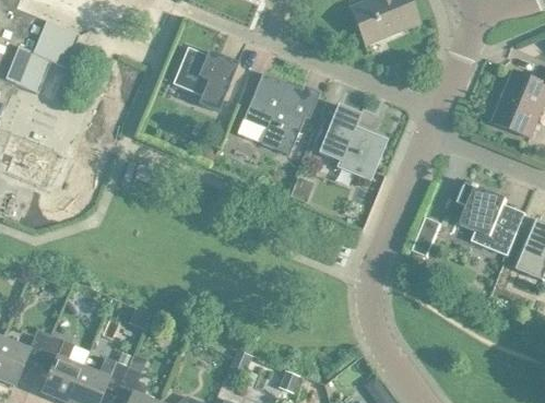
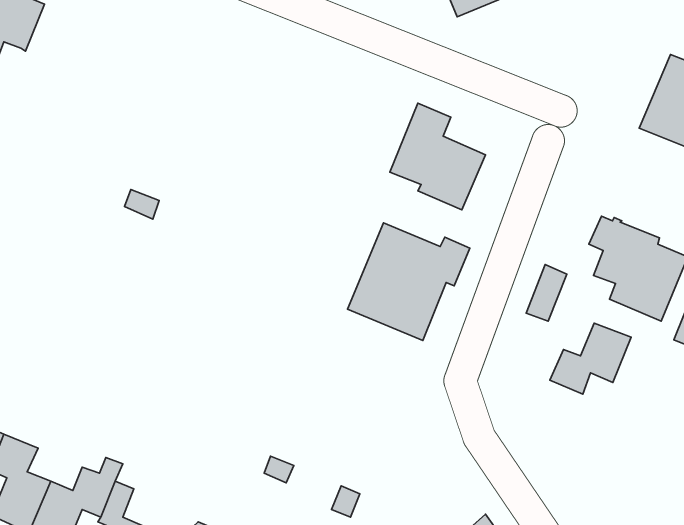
building: [173,47,238,110] -> none
building: [237,72,322,154] -> [347,223,470,341]
building: none -> [550,323,631,394]

